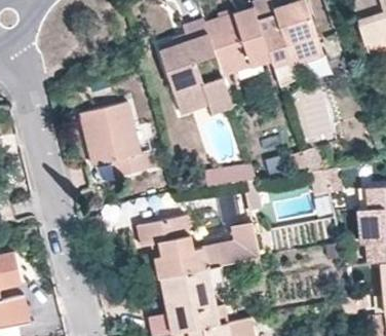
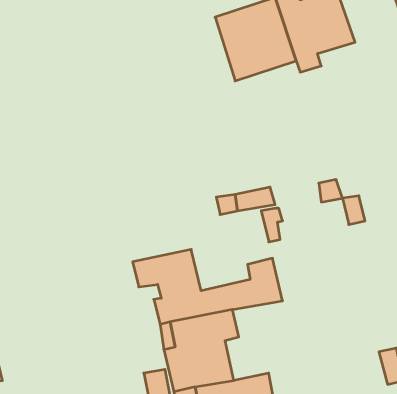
building: [158,18,230,107] -> none
building: [80,103,154,175] -> none

